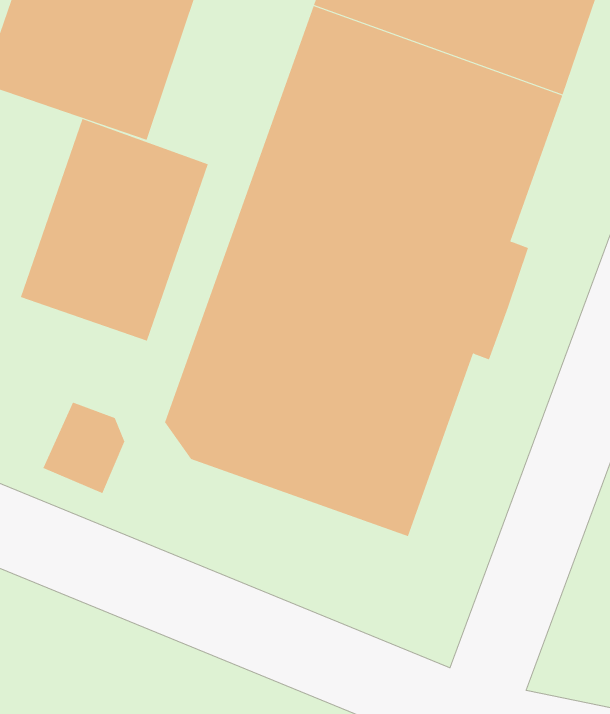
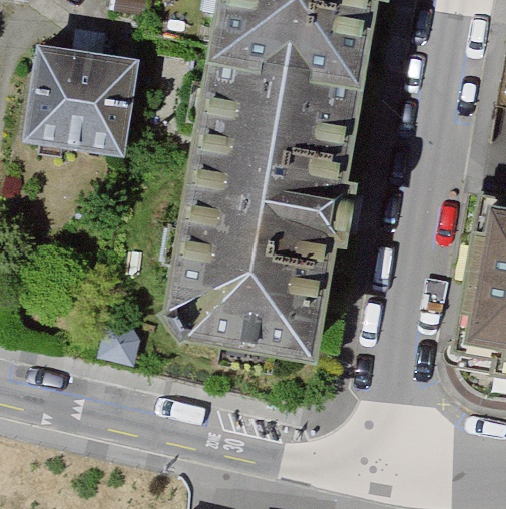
building: [20,118,208,341] -> none

